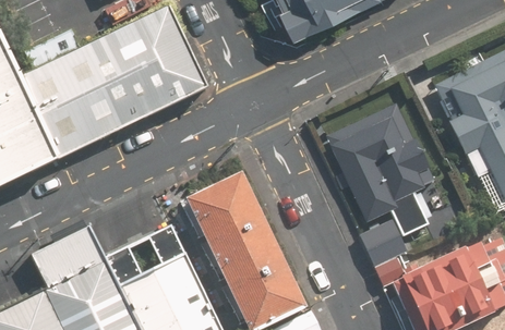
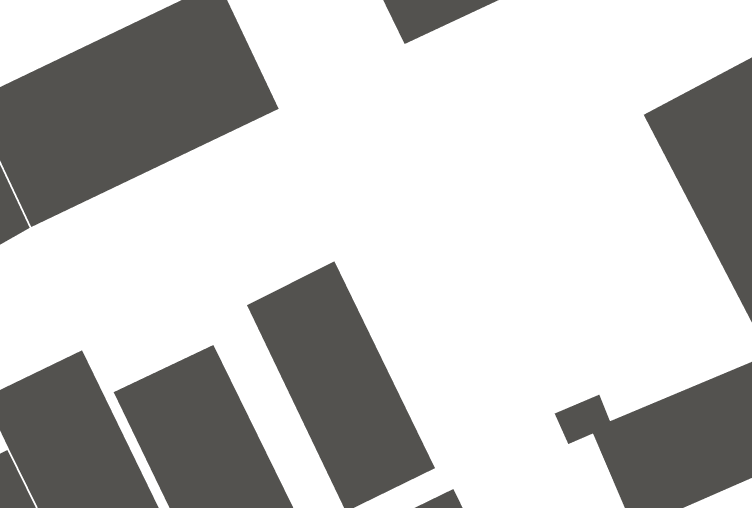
building: [324,105,435,242] -> none

